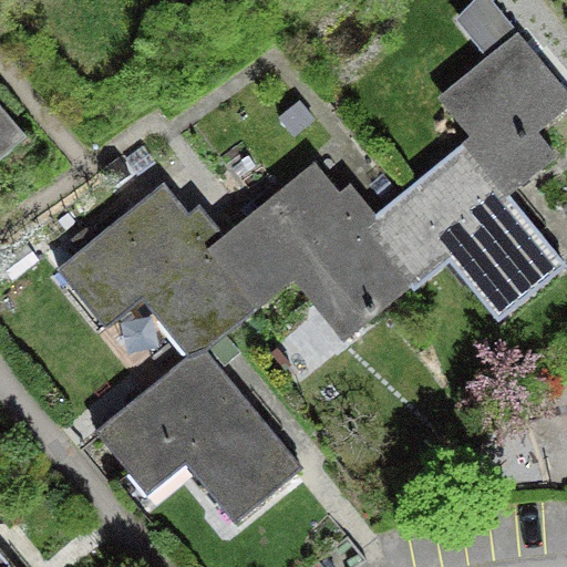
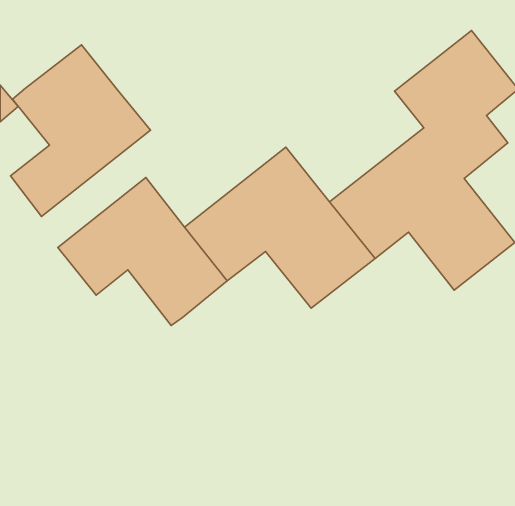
building: none -> [10,45,150,216]
building: [95,347,297,517] -> none

